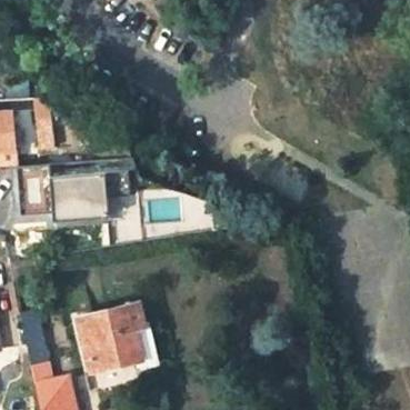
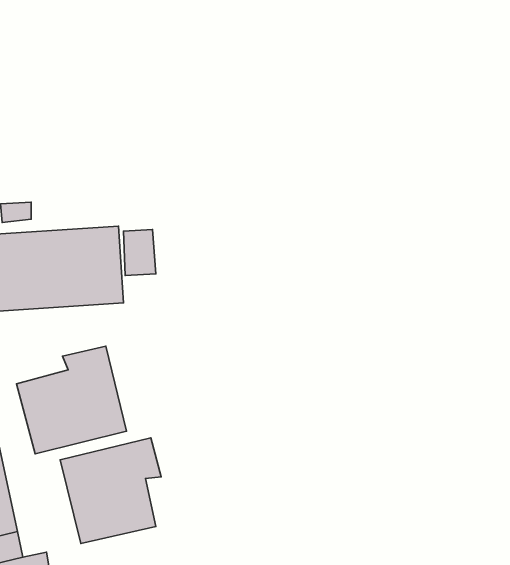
building: none -> [17,346,127,454]

